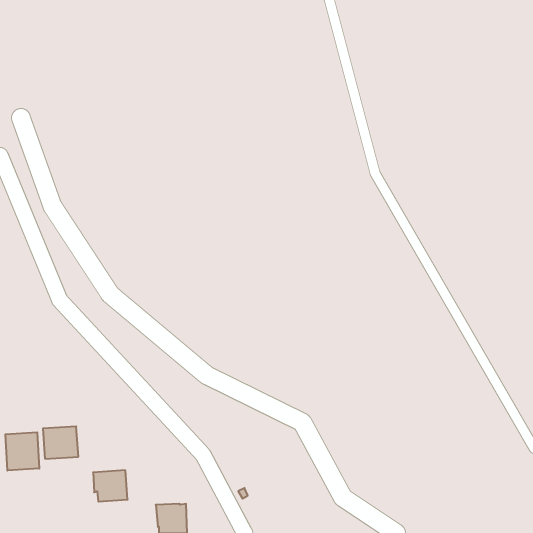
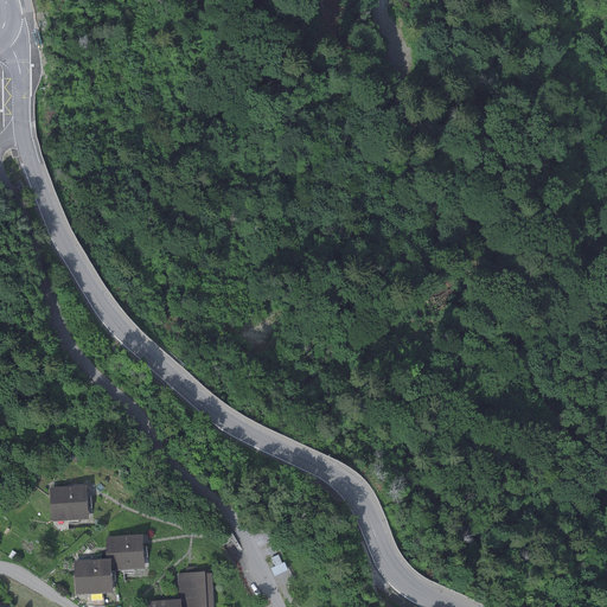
building: [5,432,39,471] -> none
building: none -> [75,557,114,594]

